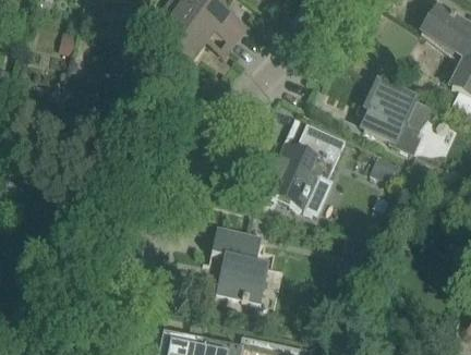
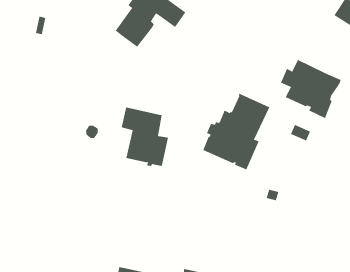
building: [210,228,268,299] -> [121,107,169,166]

